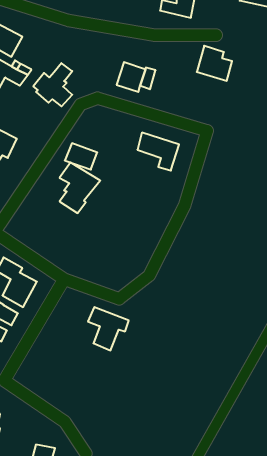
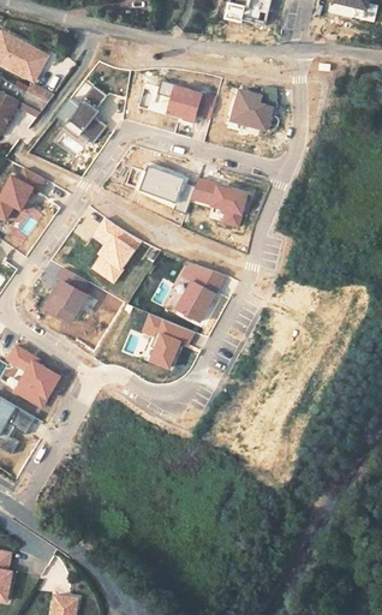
building: [197,46,232,81] -> [227,86,274,133]
building: [65,143,97,170] -> [138,167,181,202]
building: none -> [174,262,227,323]
building: none -> [40,267,88,326]
building: [88,307,129,350] -> [139,314,193,371]

